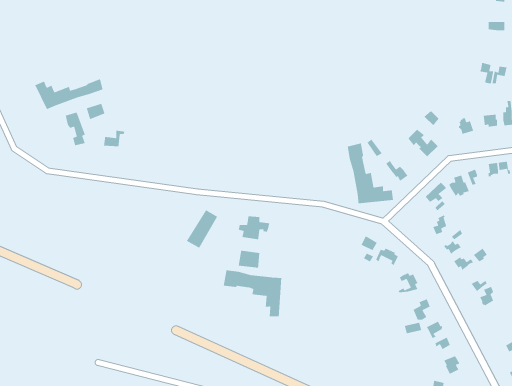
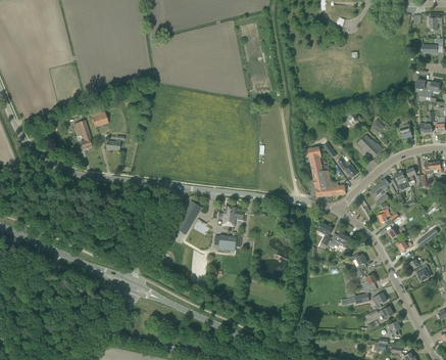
building: [34,78,104,110] -> none
building: [223,270,282,317] -> none

